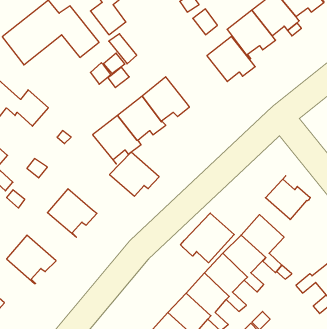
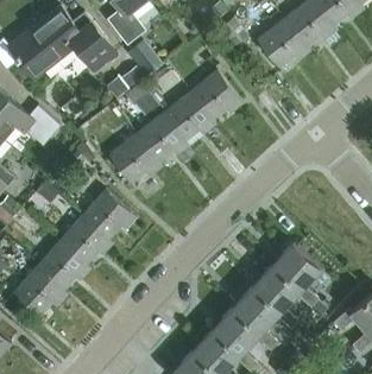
building: [207,36,255,82] -> [189,70,242,120]
building: [110,152,159,196] -> [81,190,135,239]
building: [265,176,310,220] -> none
building: none -> [36,241,90,294]
building: [181,213,234,263] -> none

